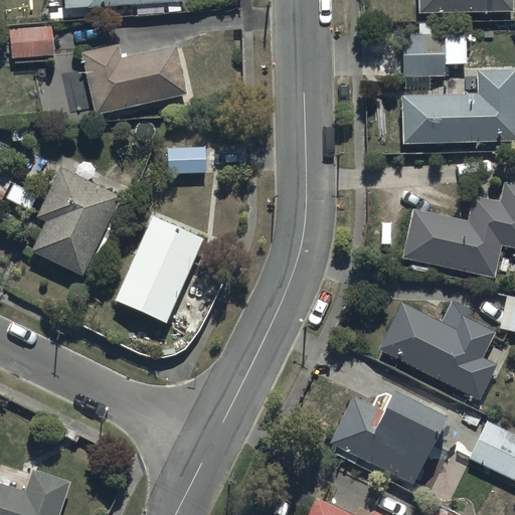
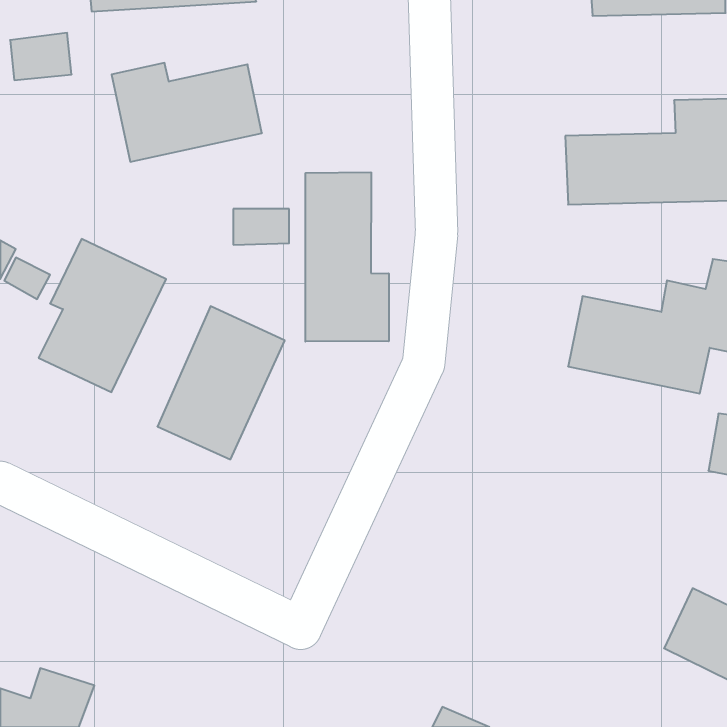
building: [404,34,446,73] -> none
building: none -> [305,172,389,342]
building: [378,297,497,399] -> none
building: [329,402,443,493] -> none

